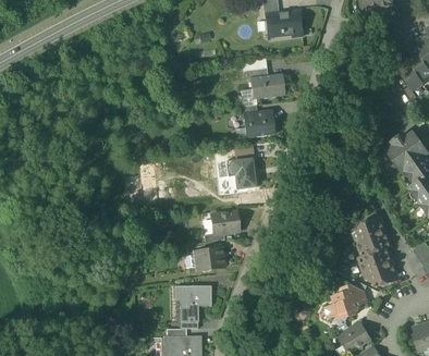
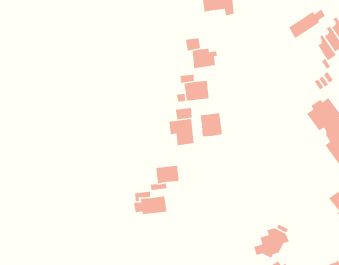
building: none -> [288,9,326,39]
building: none -> [200,112,223,137]
building: [354,217,397,285] -> none
building: [174,285,210,321] -> none

